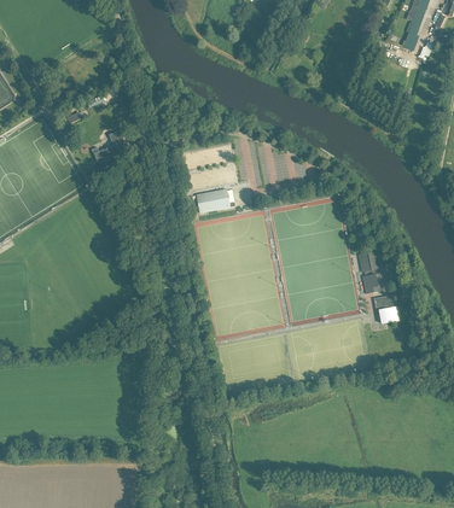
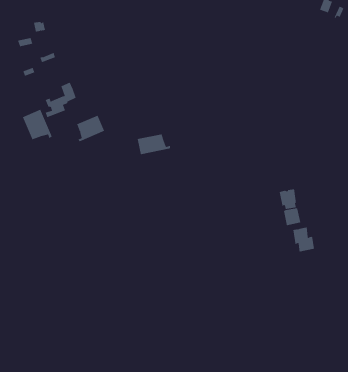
building: none -> [22,109,53,140]
building: none -> [77,115,105,142]

